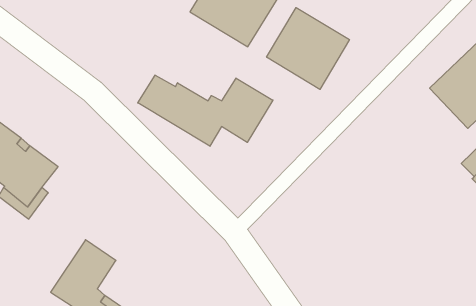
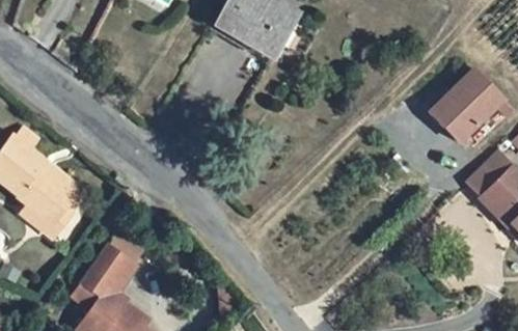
building: [267,8,349,89] -> none
building: [138,75,273,146] -> none

